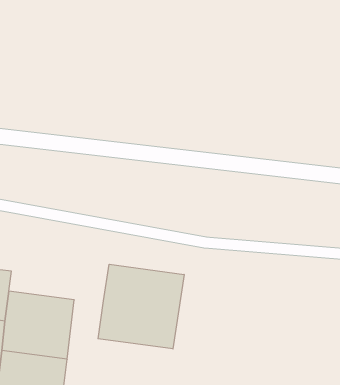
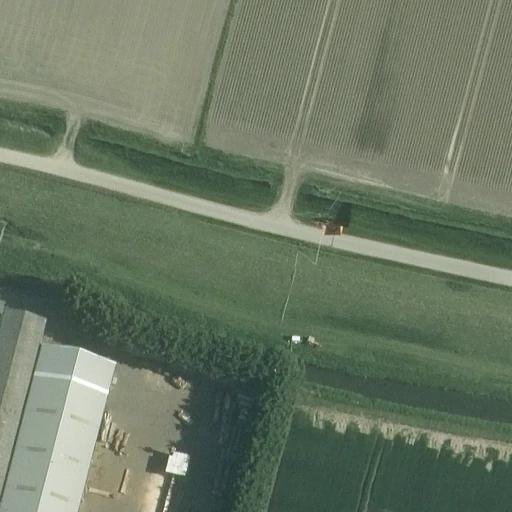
building: [98,264,184,349] -> none

